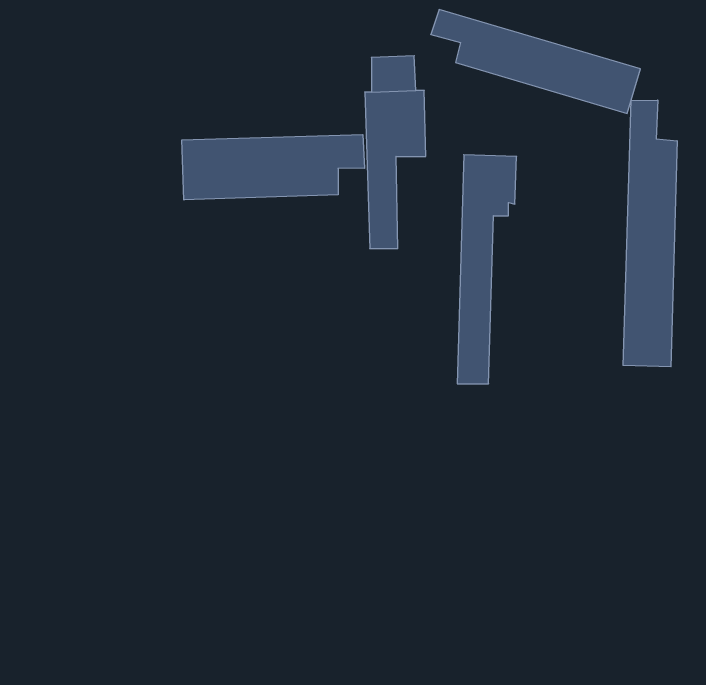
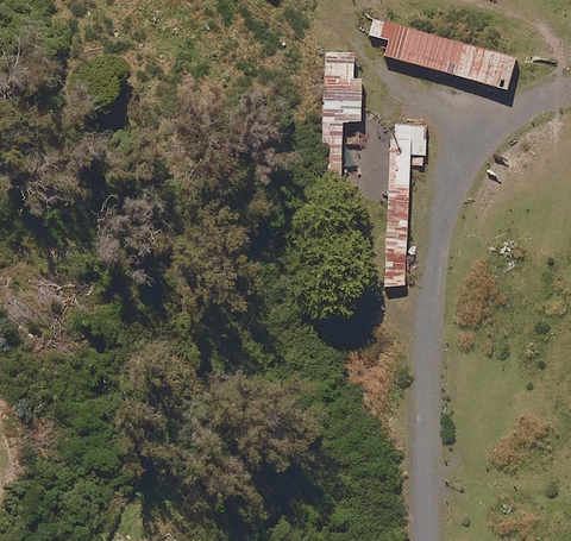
building: [623,100,677,367] -> none
building: [182,135,365,200] -> none

